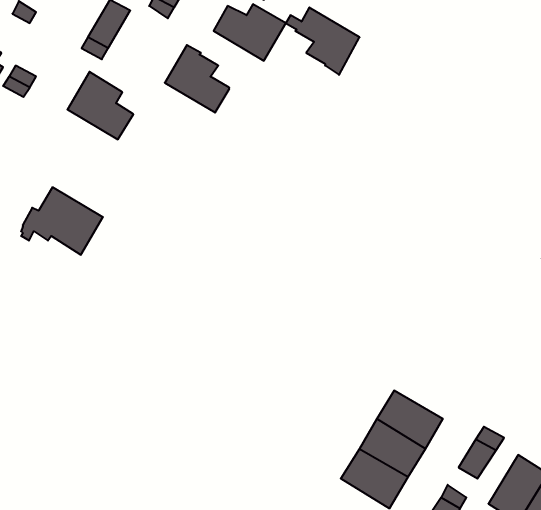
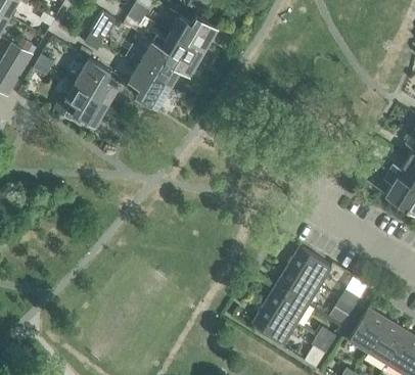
building: [286,7,360,75] -> [154,33,202,77]
building: none -> [128,66,171,109]
building: [21,187,103,255] -> [54,84,107,128]
building: none -> [287,247,331,285]

